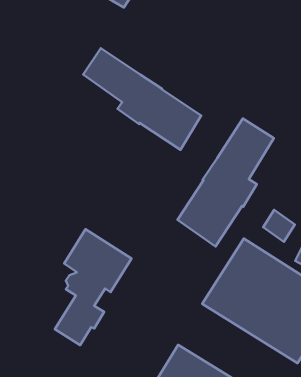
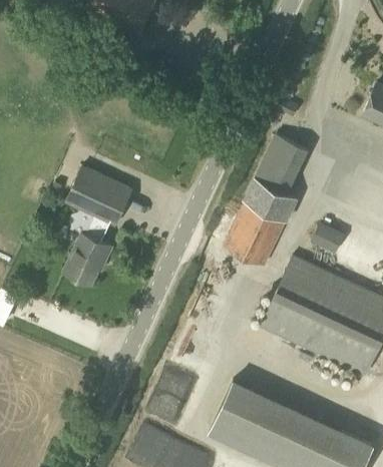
building: [83,48,201,150] -> none
building: [55,229,132,345] -> [63,165,132,285]

